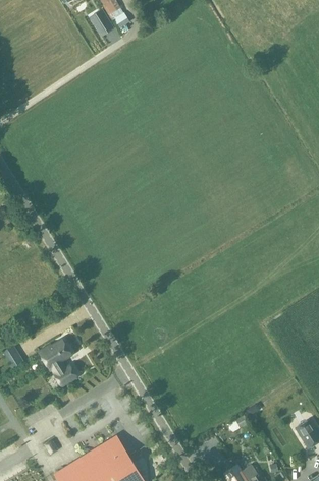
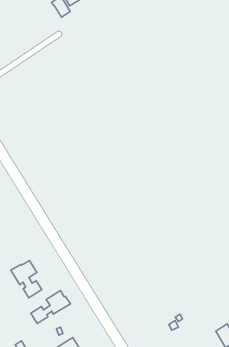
building: none -> [31,291,70,323]

